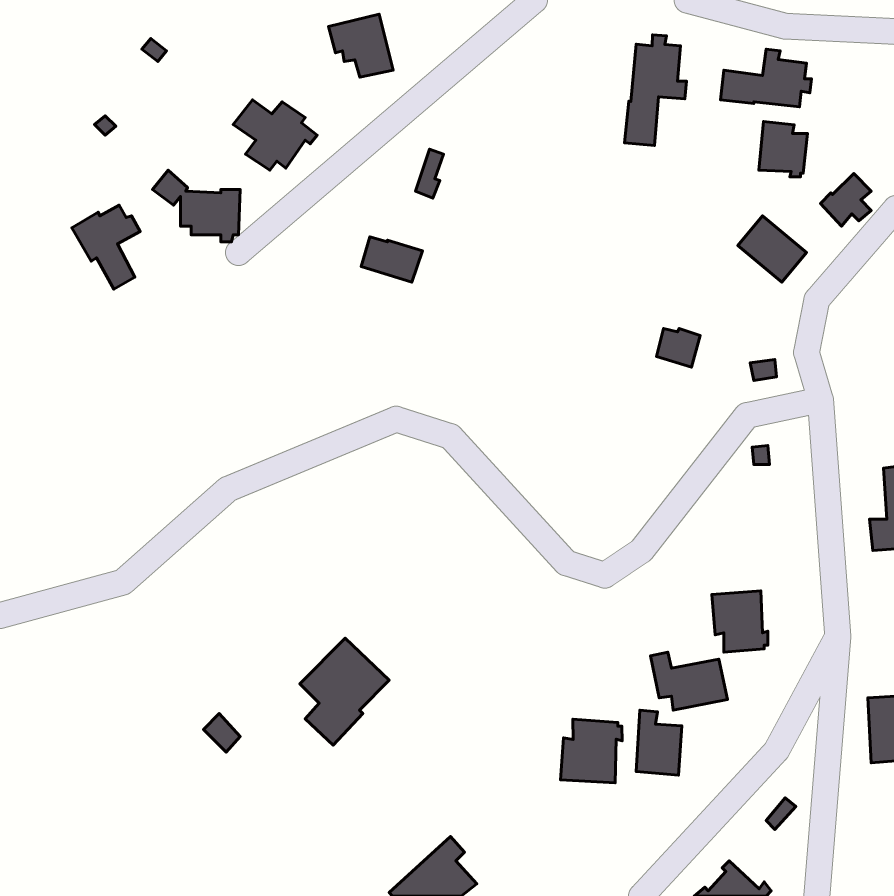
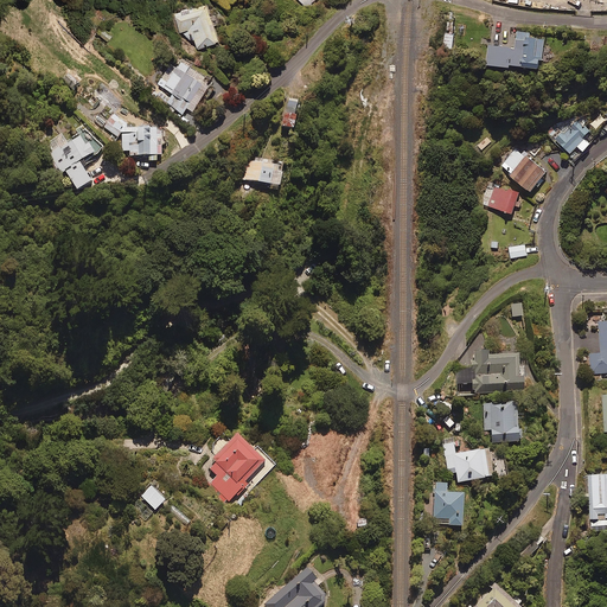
building: [328,14,393,77] -> [177,7,221,50]
building: [625,35,686,146] -> none
building: [759,122,808,177] -> none
building: [656,328,700,367] -> [490,186,519,212]
building: none -> [458,347,520,392]
building: [560,719,622,783] -> none

